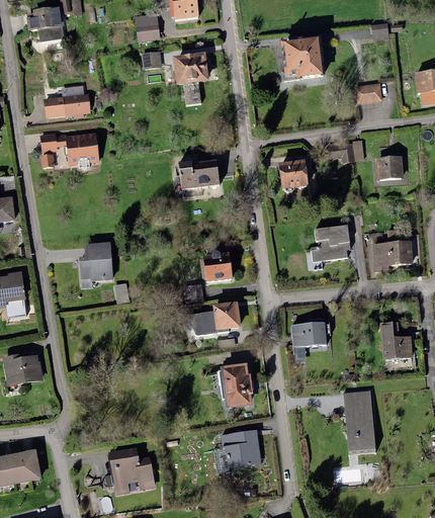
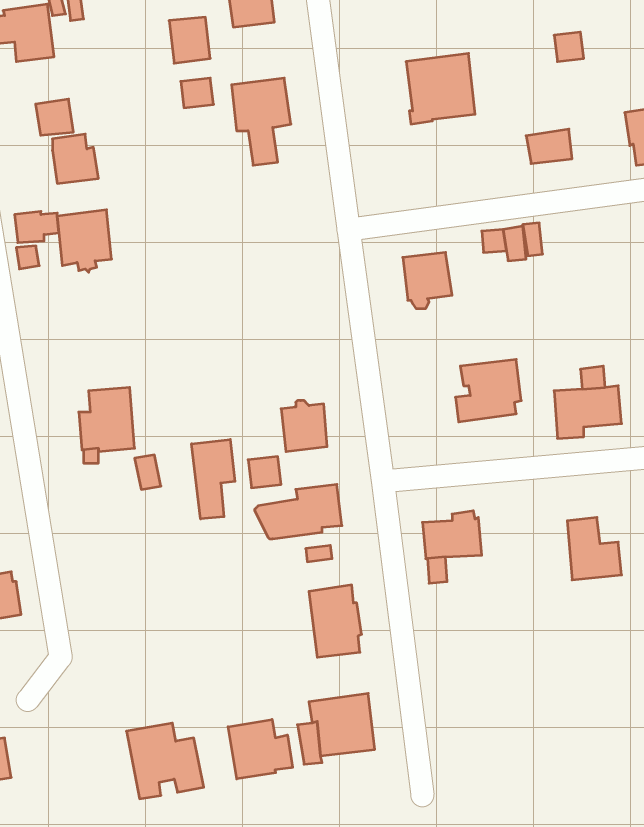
building: [42,96,66,118] -> [36,99,73,135]
building: [375,157,404,180] -> none
building: [178,160,220,188] -> none
building: none -> [192,439,235,519]
building: [343,391,375,451] -> none
building: none -> [228,719,293,779]

